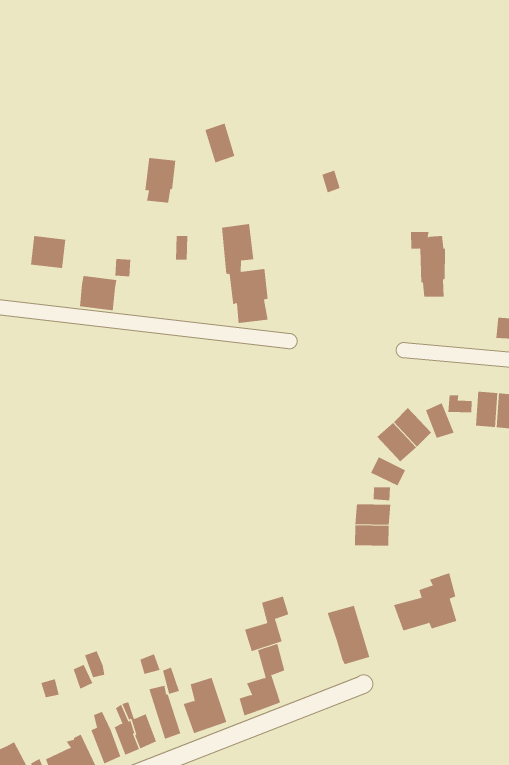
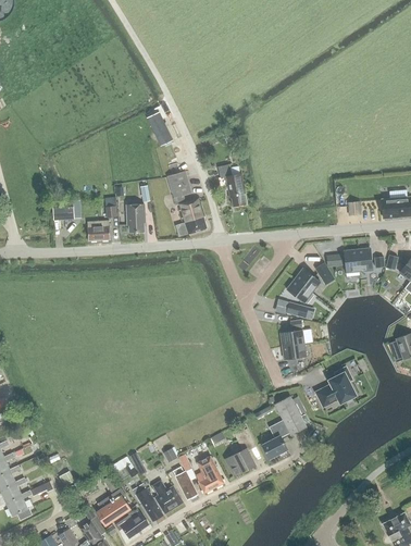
building: [145,157,176,203] -> [126,204,145,233]
building: [410,231,446,297] -> [217,165,246,207]
building: [244,596,289,652] -> [262,421,288,459]
building: none -> [96,489,130,526]

